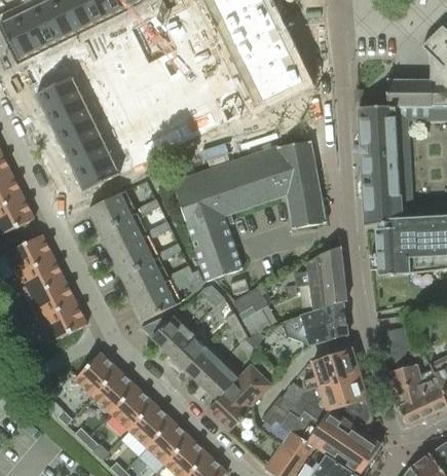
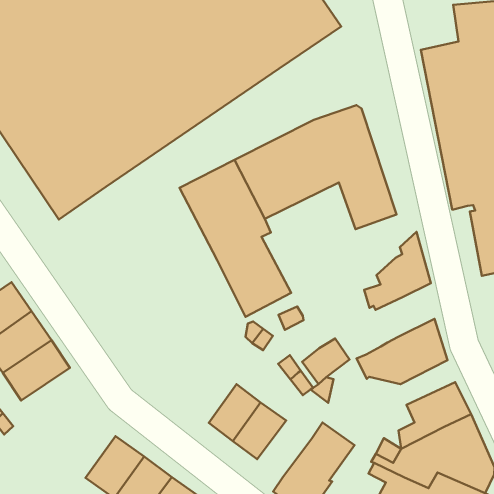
building: [88,188,202,320] -> none
building: [299,276,345,314] -> none
building: [231,287,267,319] -> none
building: [37,299,86,341] -> none
building: [151,312,192,353] -> none
building: [199,359,240,399] -> none

